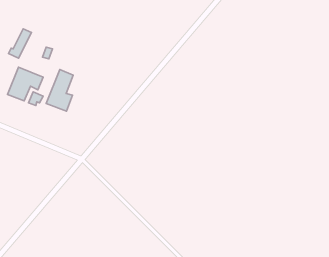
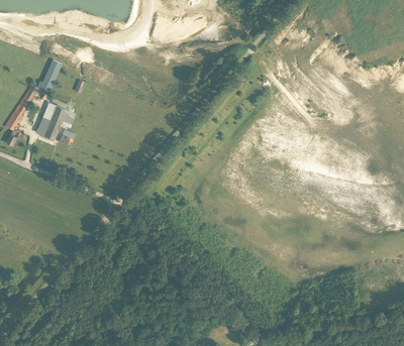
building: [46,70,73,111] -> none

